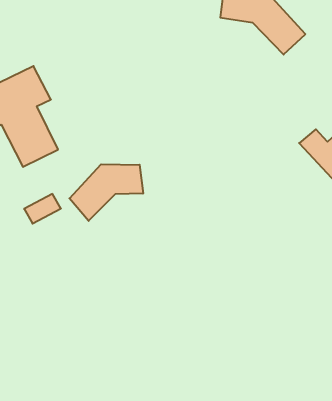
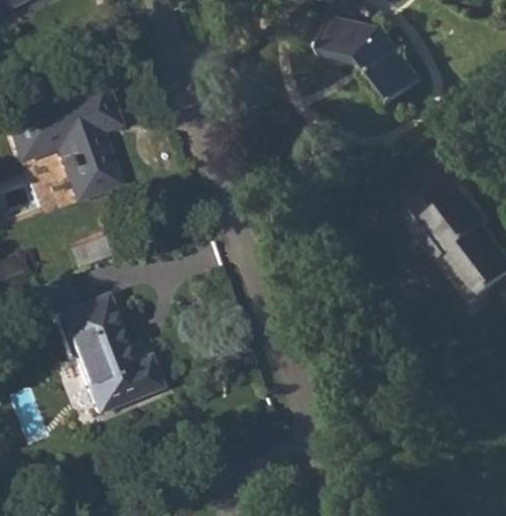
building: [69,164,143,221] -> none
building: none -> [59,298,162,415]

